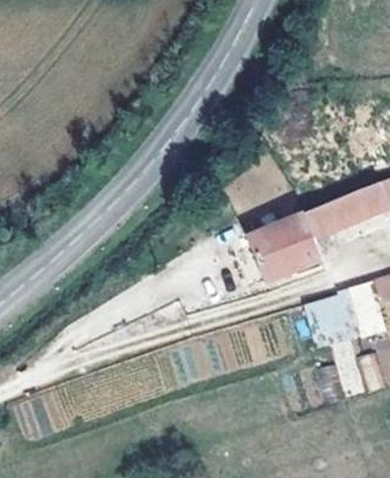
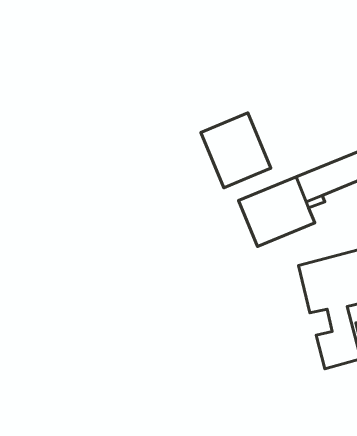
building: none -> [201,113,271,188]

